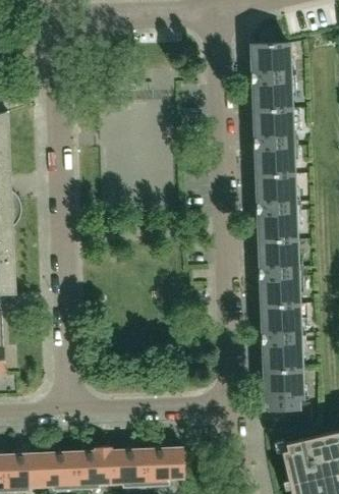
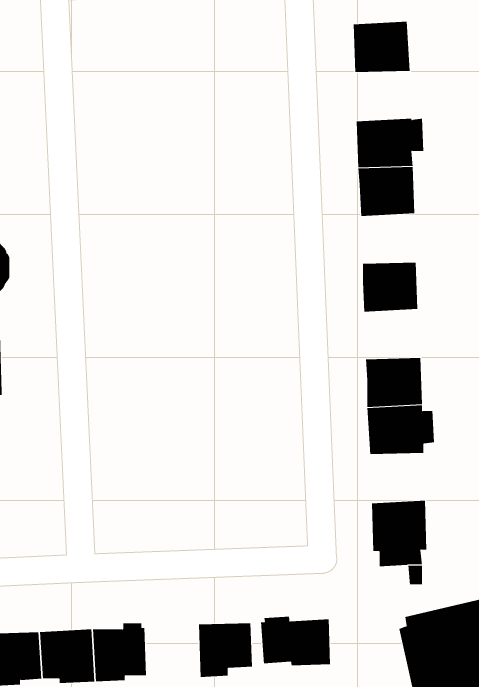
building: [251,76,290,110] -> none
building: [256,172,293,206] -> none
building: [258,236,296,270] -> none
building: [262,333,299,367] -> none
building: none -> [261,616,330,666]
building: [111,448,148,485] -> none

